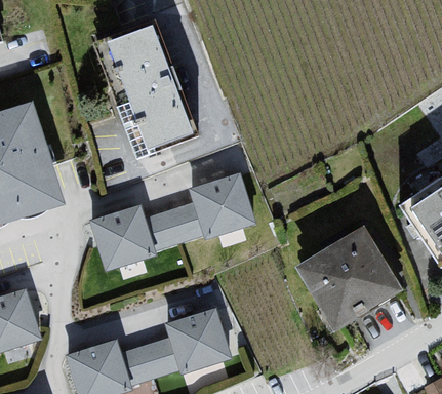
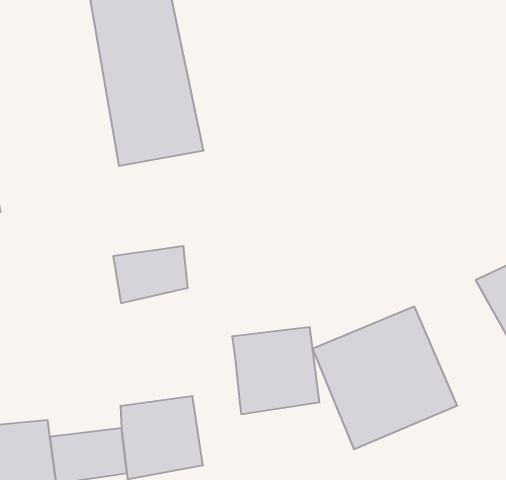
building: [188,174,255,242] -> [232,327,319,414]
building: [88,206,155,271] -> none

